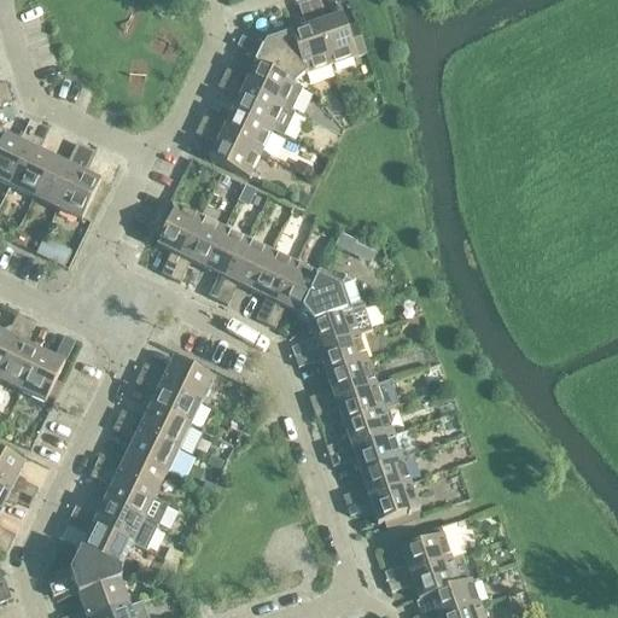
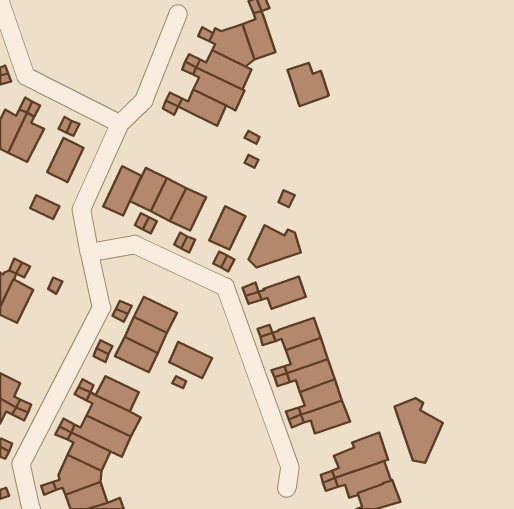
building: [316,11,366,63] -> [288,63,329,106]
building: [209,132,261,175] -> none
building: [33,154,76,206] -> none
building: none -> [103,166,141,215]
building: [228,237,270,288] -> none
building: [275,260,317,311] -> none
building: [308,307,358,346] -> none
building: [21,348,64,400] -> none
building: [326,356,377,396] -> none
building: [127,427,179,471] -> [169,342,212,378]
building: none -> [394,398,443,463]

